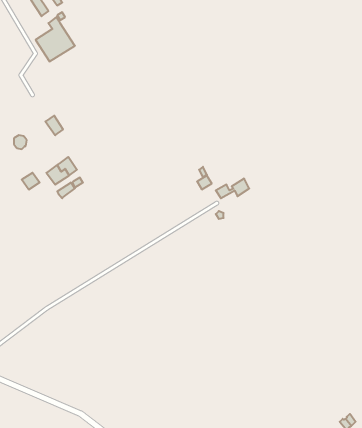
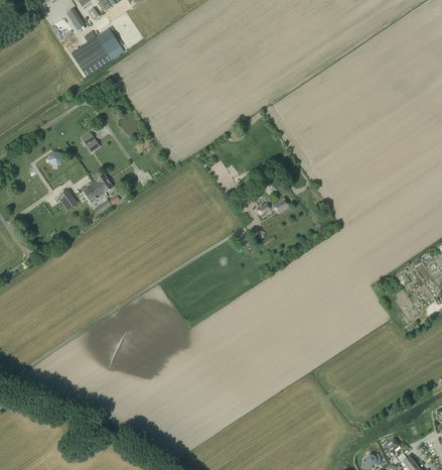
building: none -> [96,28,123,60]

